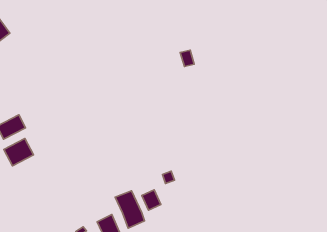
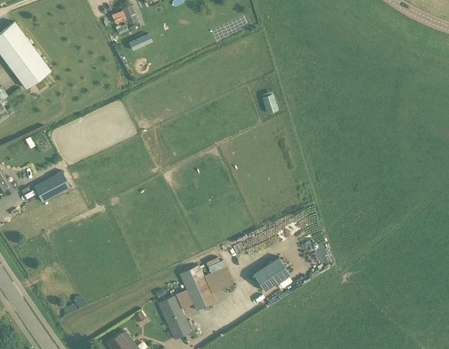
building: [4,139,33,166] -> none
building: none -> [253,258,289,291]

